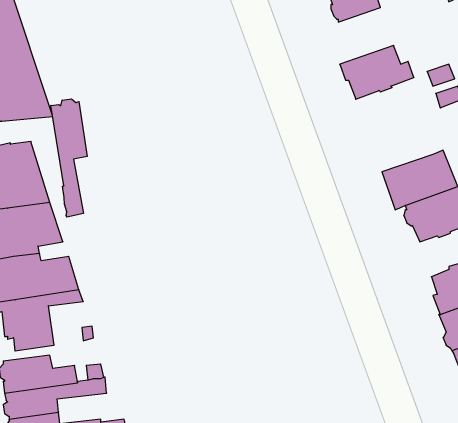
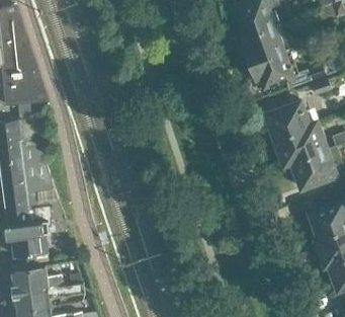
building: none -> [239,25,283,65]
building: [51,99,87,217] -> none
building: none -> [264,101,311,140]

